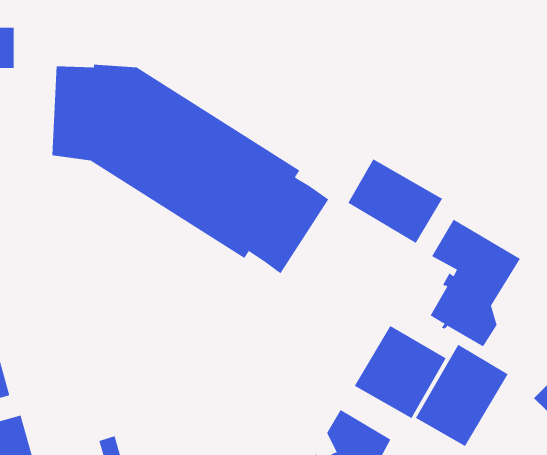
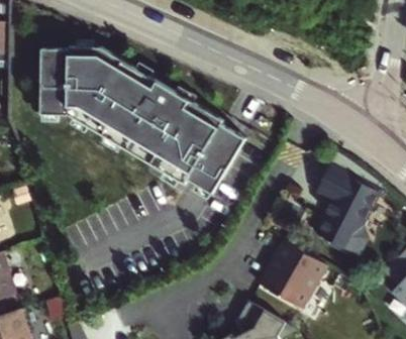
building: [348,158,443,244] -> none
building: [415,344,509,447] -> none

